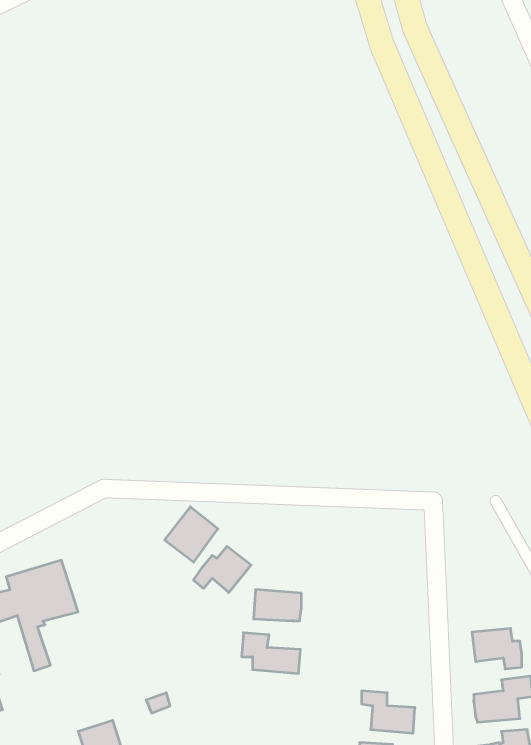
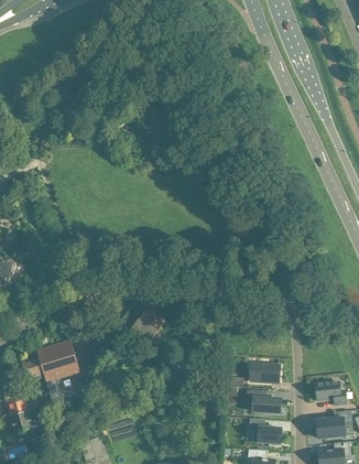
building: [194,546,251,593] -> none
building: [254,590,301,621] -> [250,364,279,382]
building: [242,633,300,673] -> [246,389,281,413]

